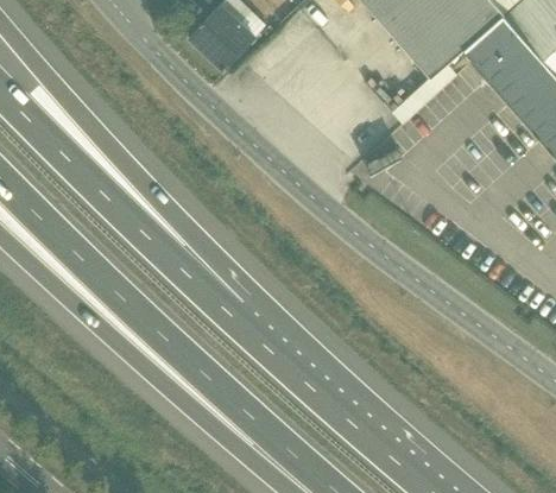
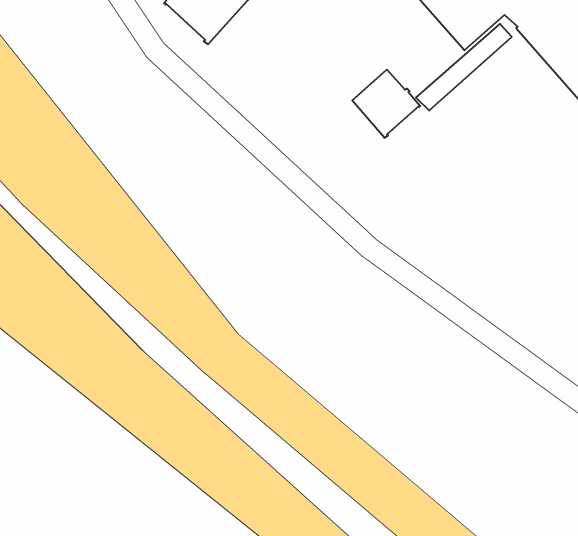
building: none -> [352,70,420,138]

